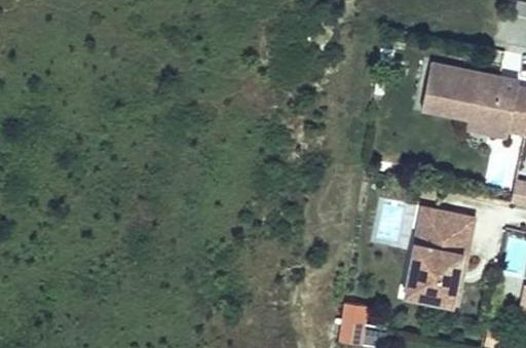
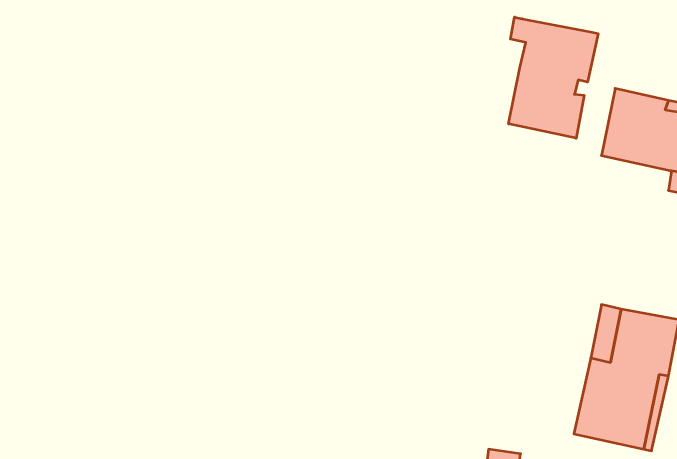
building: none -> [509,17,598,138]

